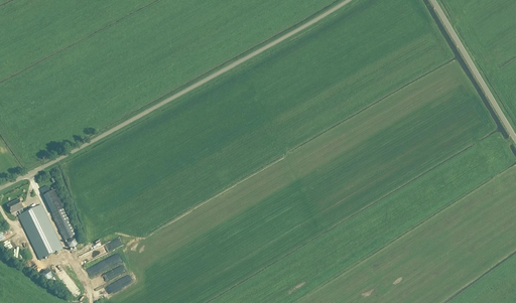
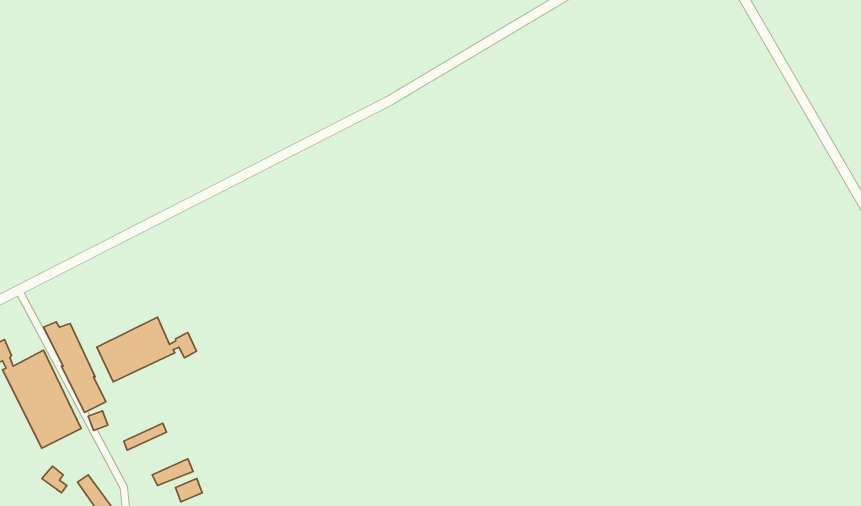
building: none -> [97,317,197,382]

